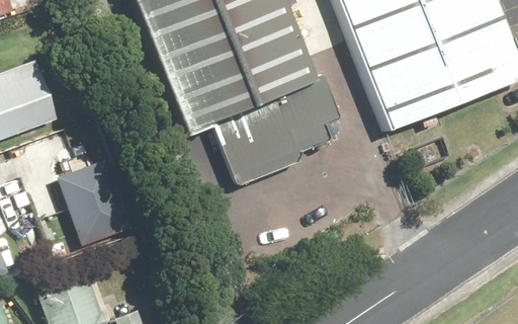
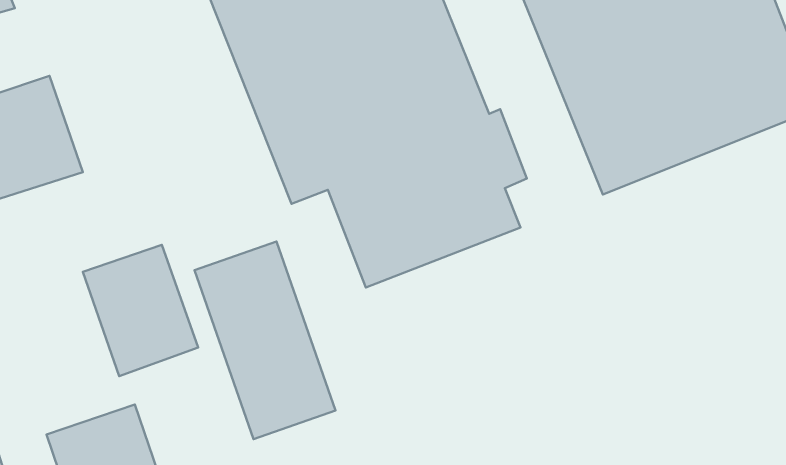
building: none -> [194,241,336,439]

